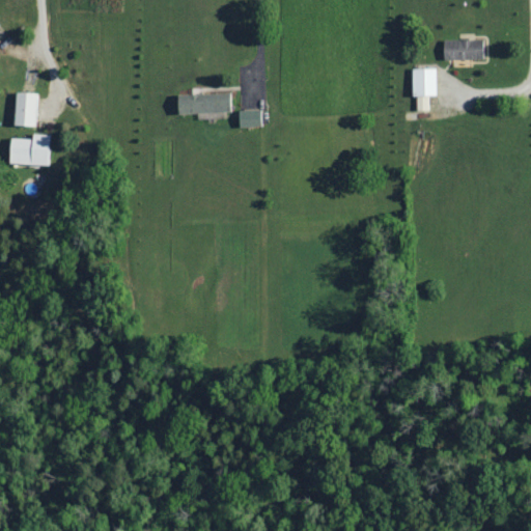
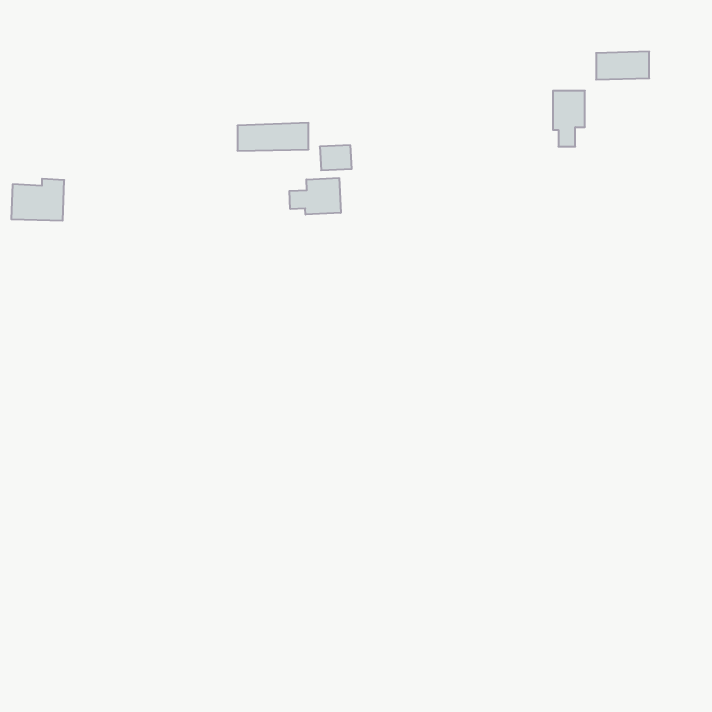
building: [13,92,36,127] -> none
building: none -> [289,178,341,215]

